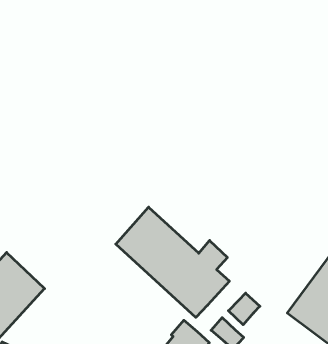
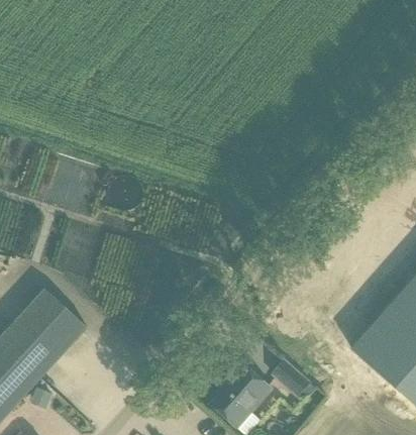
building: [116,207,229,317] -> none
building: [228,293,260,325] -> none

